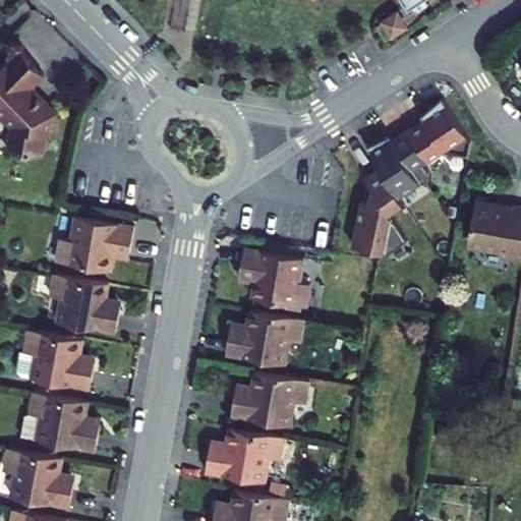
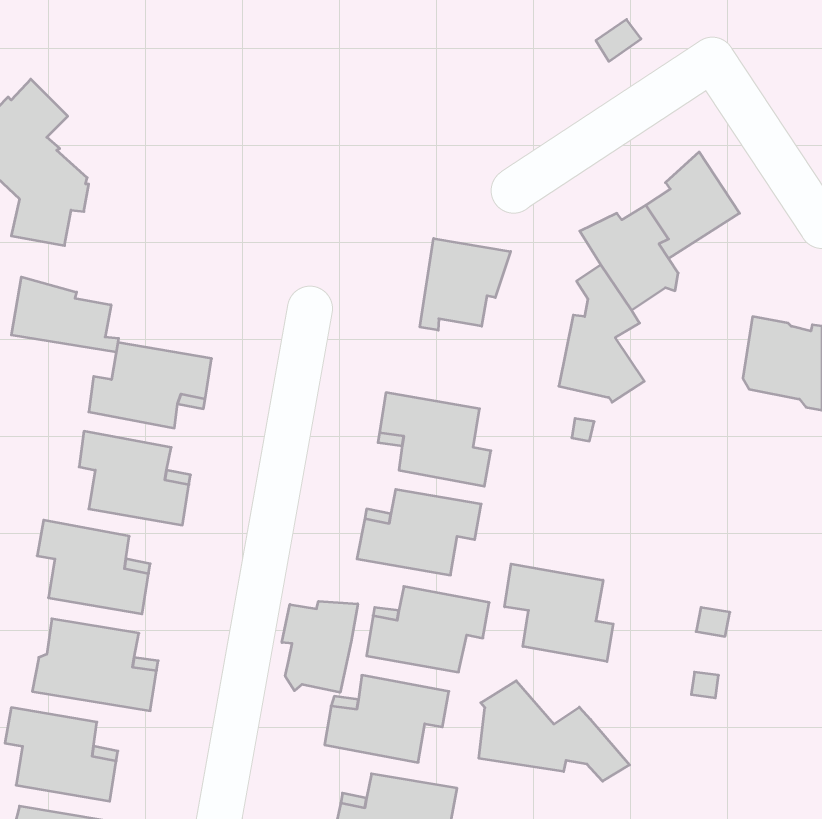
building: none -> [420,238,511,330]
building: none -> [11,277,119,352]
building: none -> [505,564,613,662]
building: none -> [282,601,358,692]
building: none -> [479,681,630,781]

